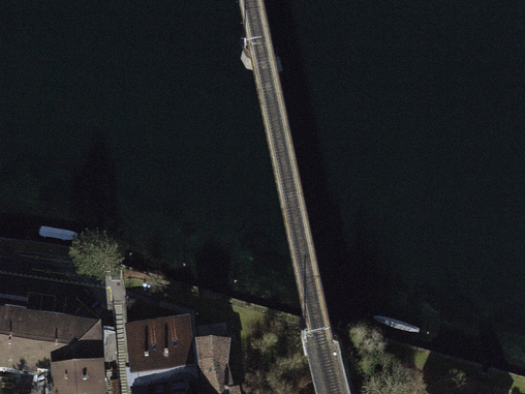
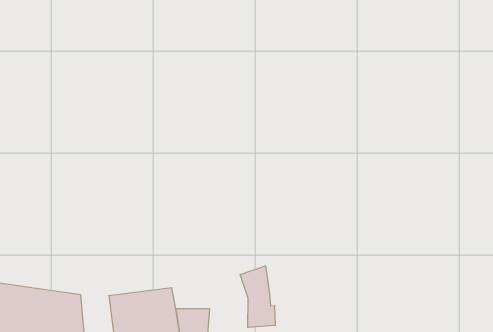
building: none -> [240,266,275,328]

